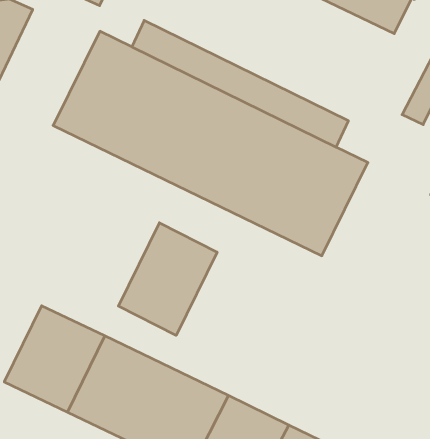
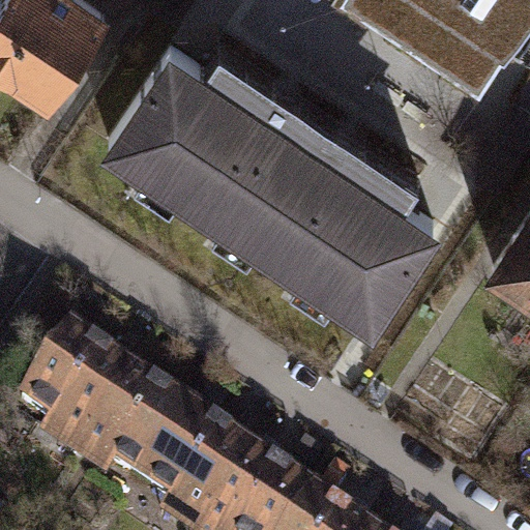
building: [118,223,217,335] -> none

